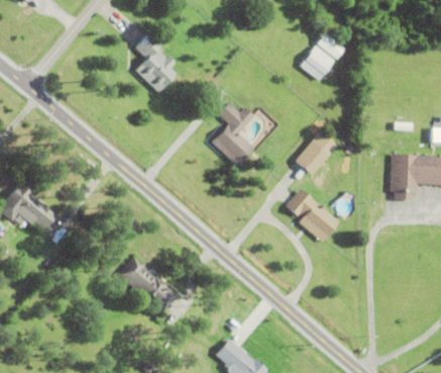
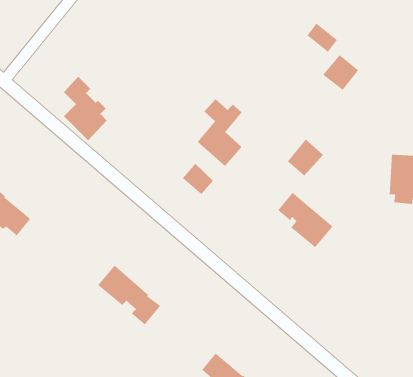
building: [136,32,178,93] -> [63,76,108,141]
building: [300,45,334,80] -> [322,54,359,91]
building: none -> [182,163,214,195]

